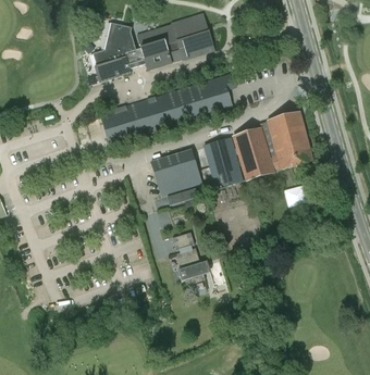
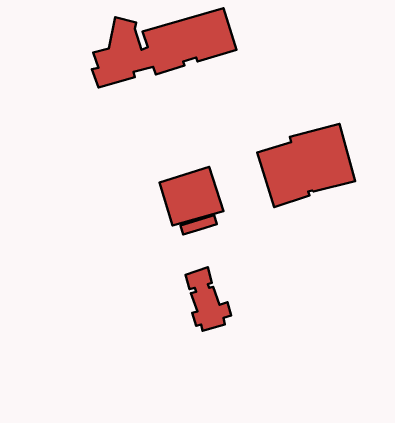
building: [100,72,236,143] -> none
building: [203,136,243,185] -> none

